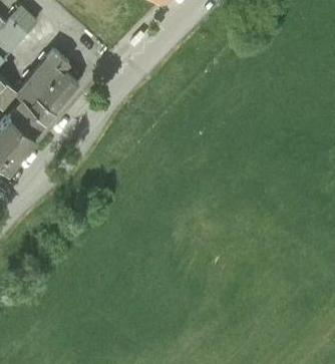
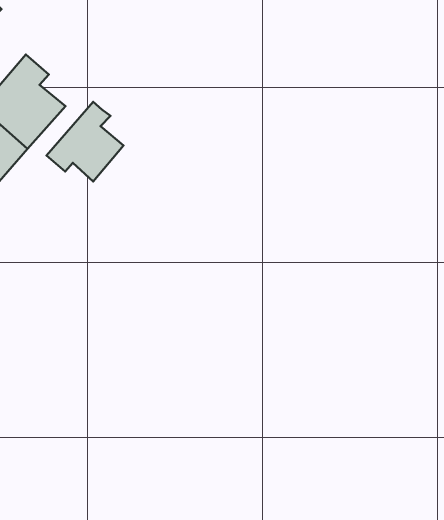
building: none -> [46,102,123,181]

